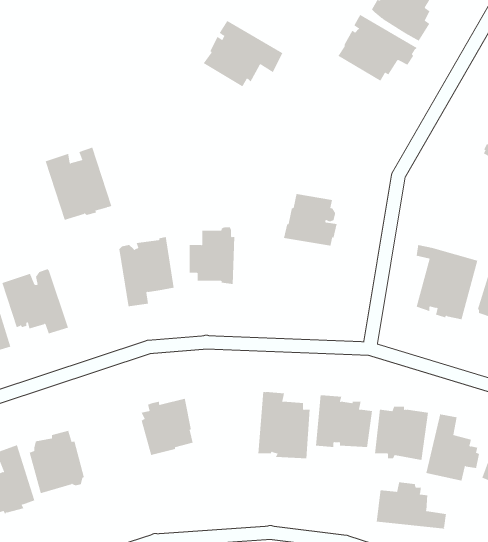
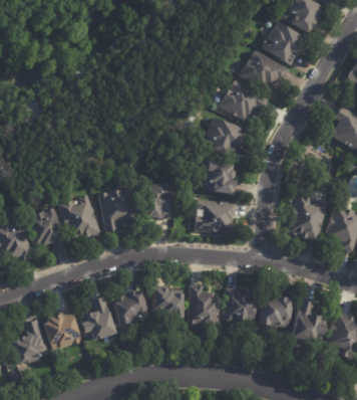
building: [203,20,284,87] -> [217,79,268,122]
building: none -> [202,118,238,157]
building: [45,147,112,220] -> [61,196,103,242]
building: none -> [195,200,237,234]
building: none -> [154,289,185,319]
building: none -> [84,295,117,340]
building: [376,482,447,529] -> none

